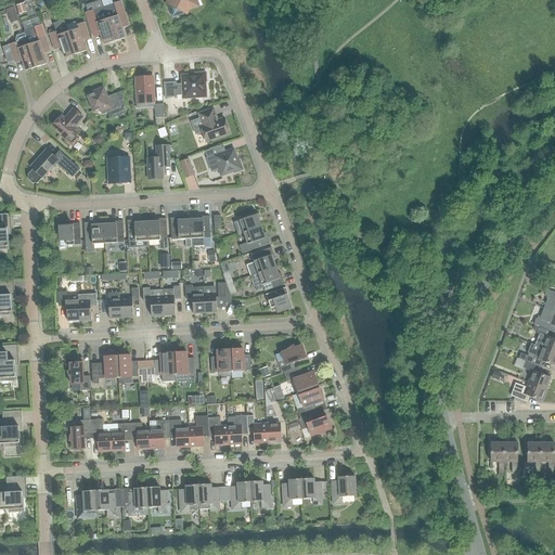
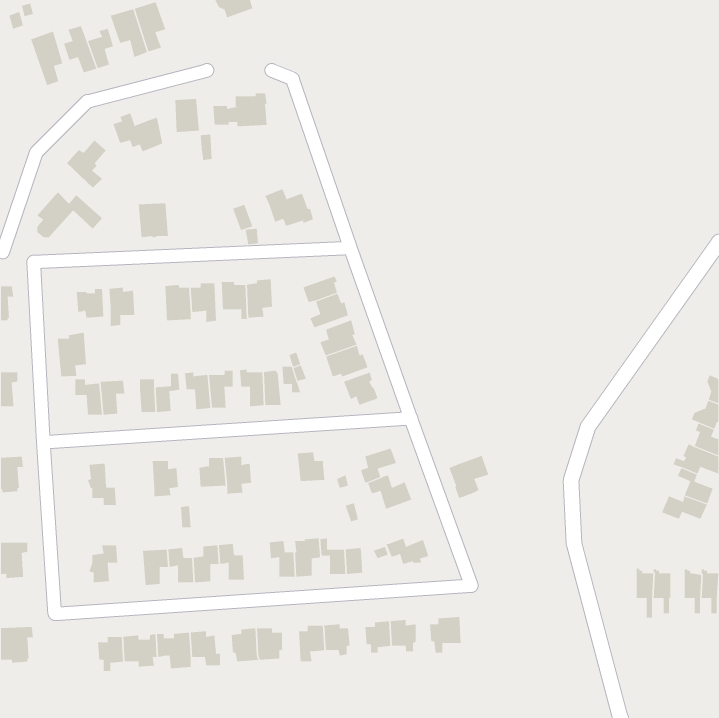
building: [9,31,36,69] -> none
building: [190,107,229,141] -> none
building: [146,144,170,179] -> none
building: [103,220,124,243] -> none
building: none -> [57,332,87,377]
building: [210,349,231,376] -> none
building: [91,354,118,383] -> none
building: [292,385,323,418] -> [449,455,489,499]
building: [188,415,208,447] -> none
building: [90,418,112,451] -> none

